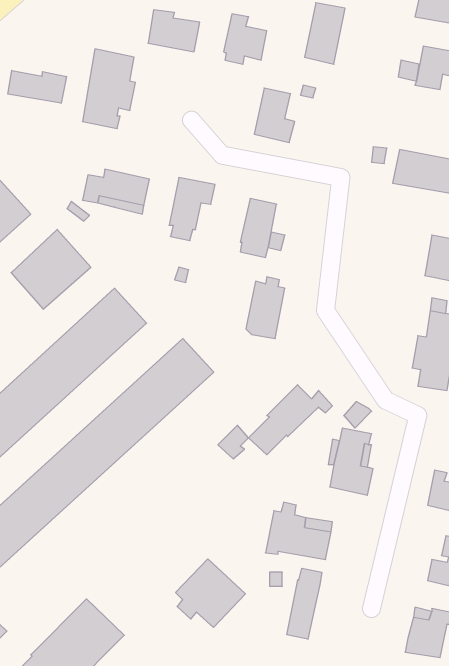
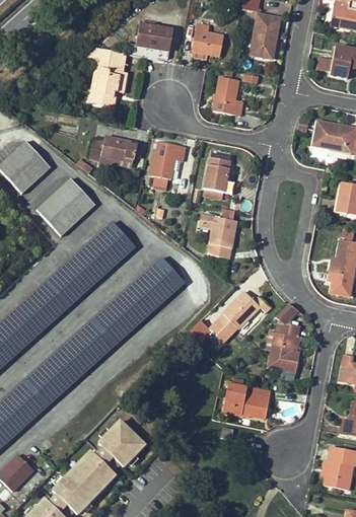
building: [8,70,66,103] -> none
building: [176,559,245,627] -> [97,416,148,465]
building: [287,568,322,639] -> none

